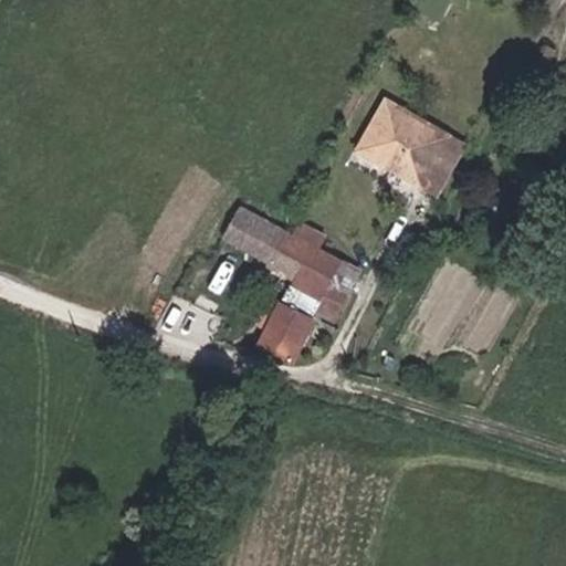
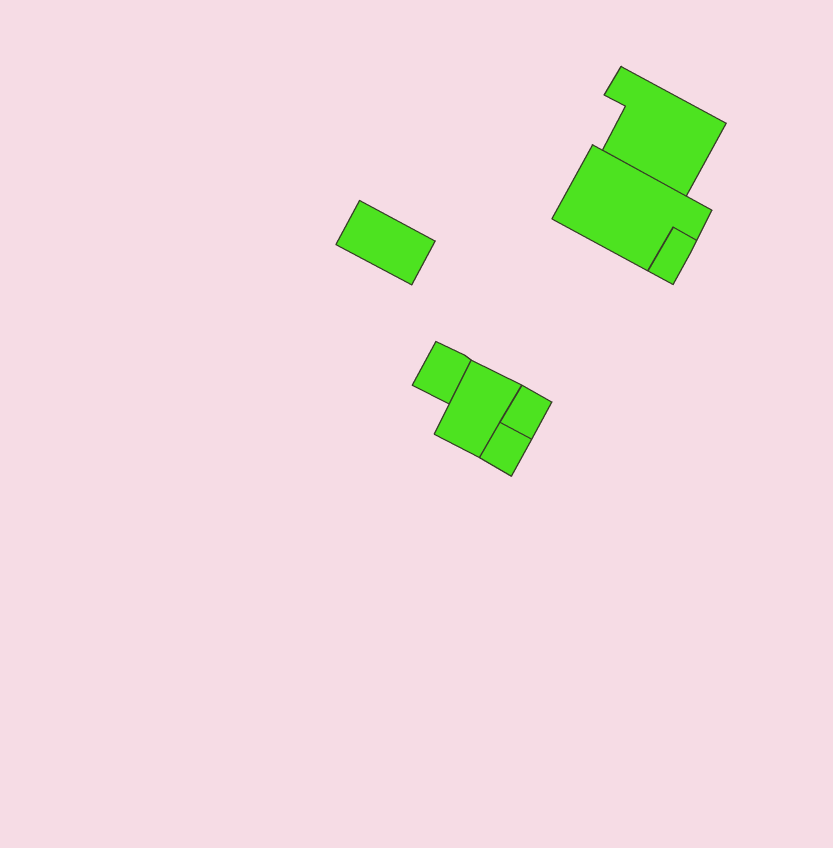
building: none -> [602,66,726,196]
building: [221,206,286,261] -> [336,201,435,285]
building: [258,301,311,359] -> none

